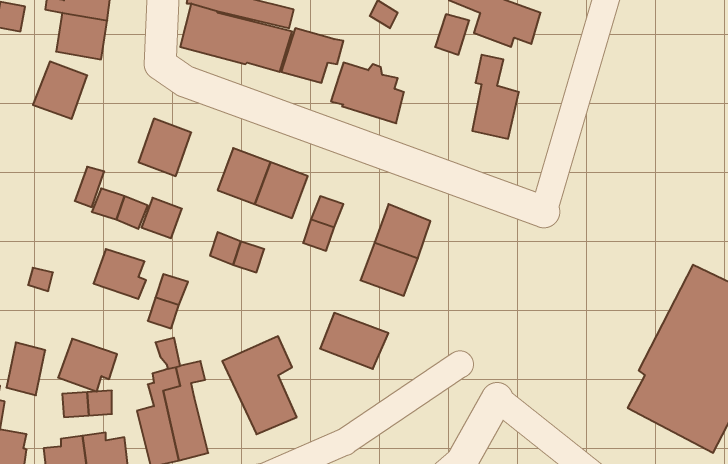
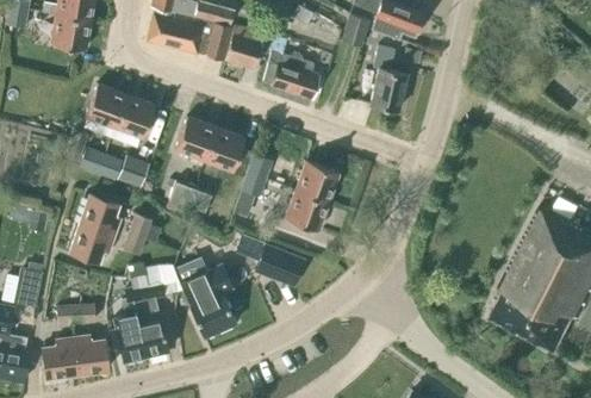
building: [33,61,87,119] -> [85,83,126,128]
building: [58,339,117,392] -> [69,220,114,261]

